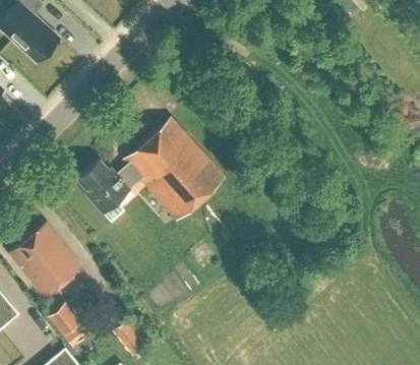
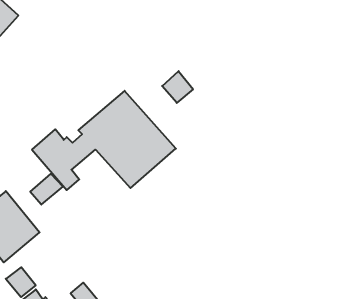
building: none -> [162,71,193,103]
building: none -> [30,174,63,205]

